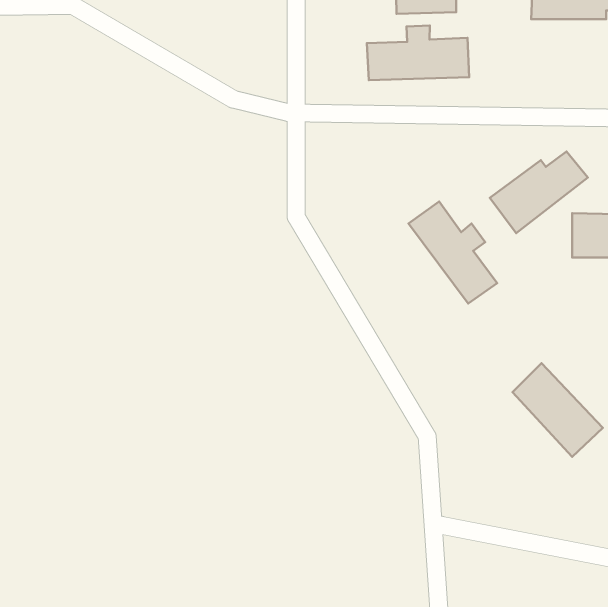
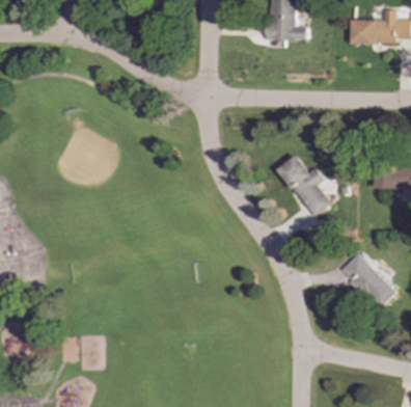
building: [367,26,469,80] -> none
building: [490,152,588,233] -> none

